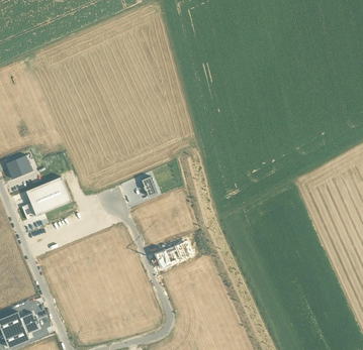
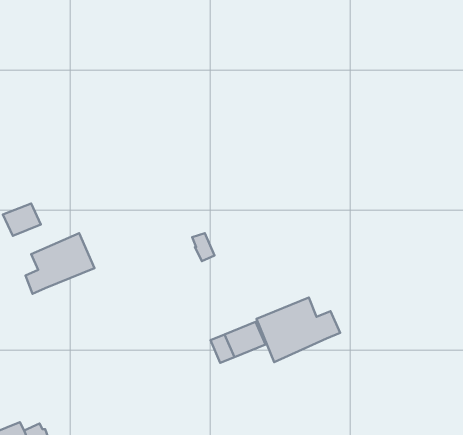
building: none -> [256,298,340,362]

